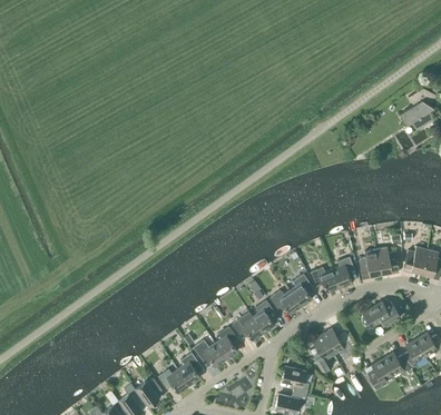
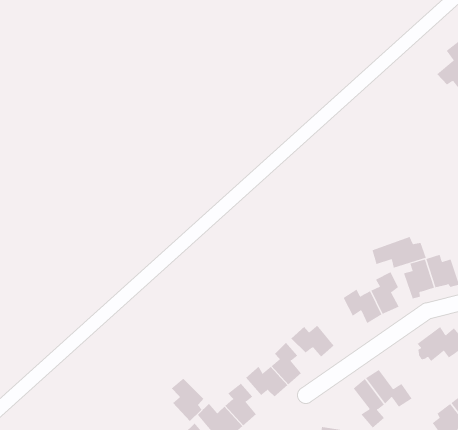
building: none -> [372,236,427,269]
building: [290,273,313,306] -> none
building: none -> [171,378,204,422]

